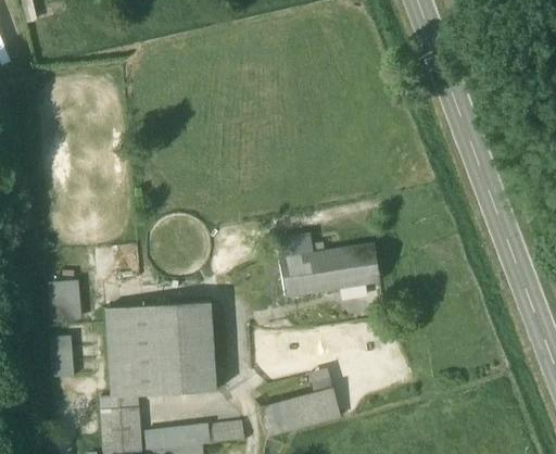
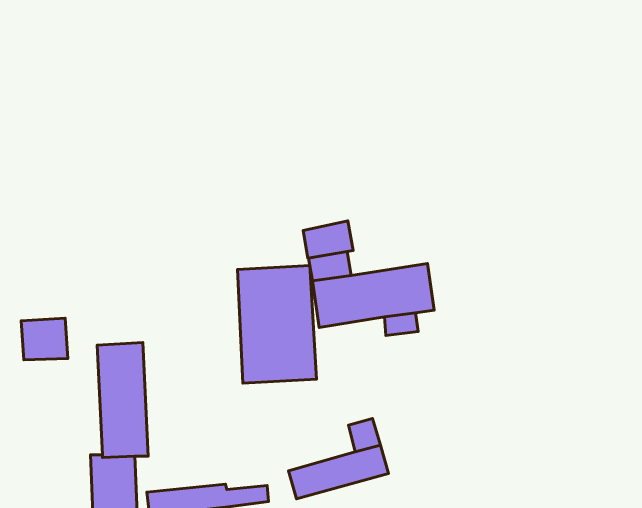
building: none -> [303,221,353,258]
building: [143,304,207,400] -> [238,266,316,383]
building: [51,337,75,377] -> none

